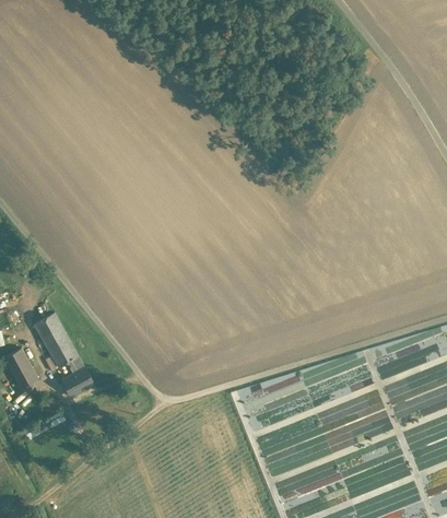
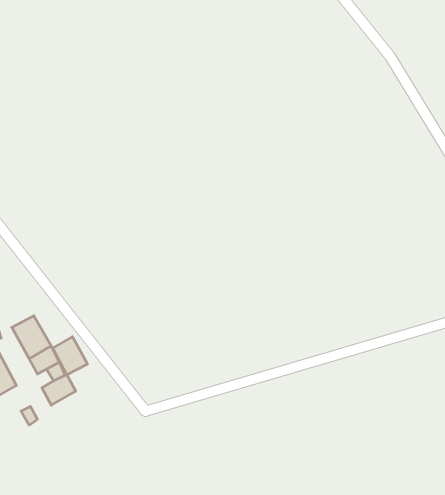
building: none -> [53,337,87,375]

